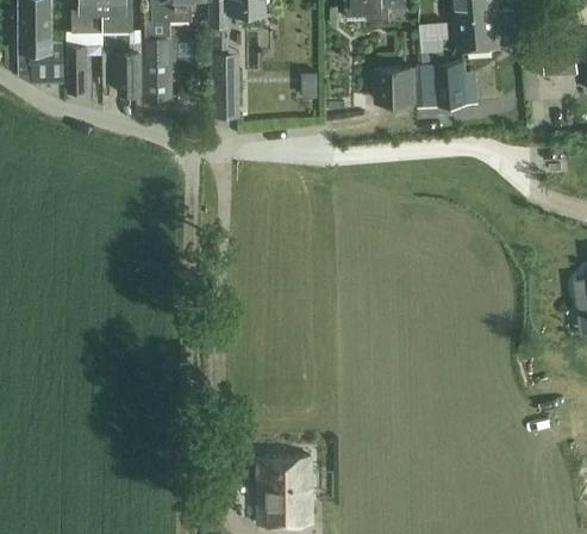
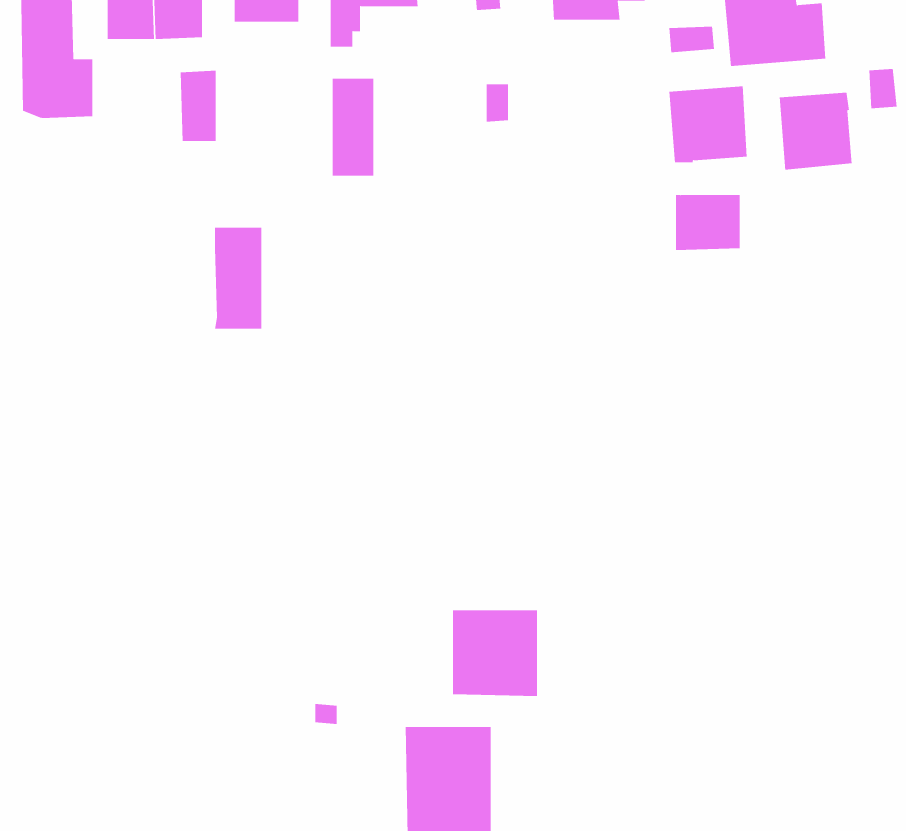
building: [143,38,173,101] -> [214,227,262,329]
building: [68,45,89,92] -> none
building: none -> [779,92,852,171]
building: [376,68,417,103] -> [675,195,740,250]
building: none -> [453,609,538,697]

